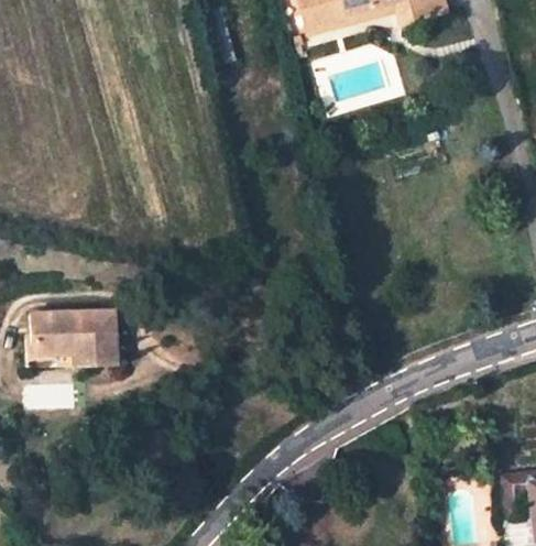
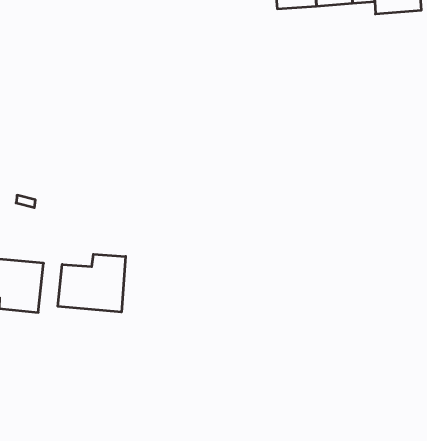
building: none -> [58,254,126,312]

